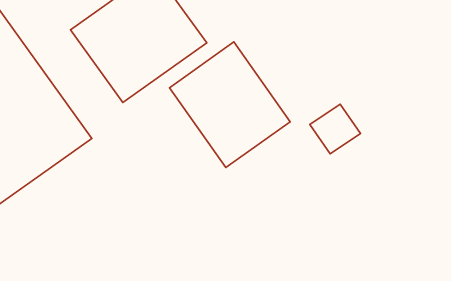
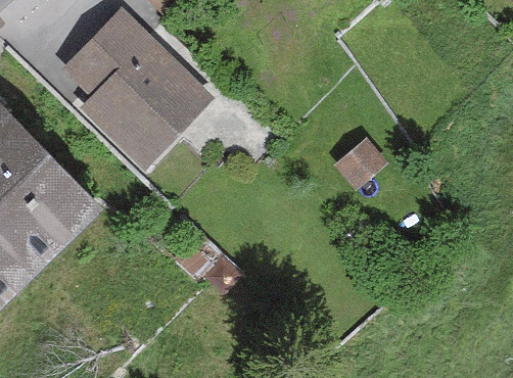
building: [169,42,290,168] -> none

